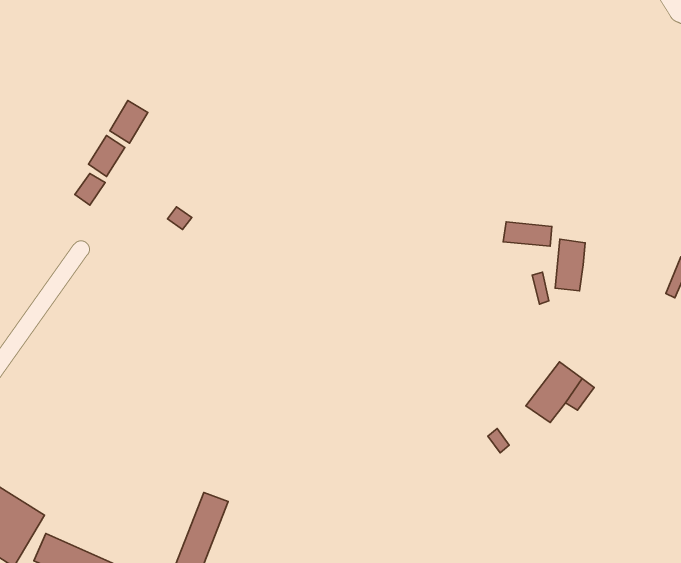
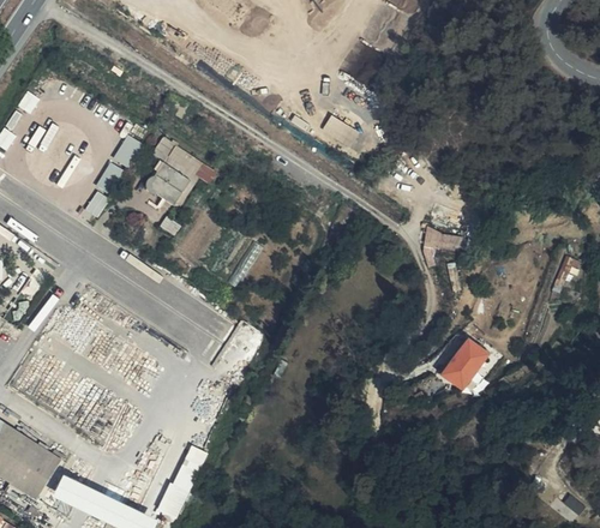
building: none -> [320,114,358,146]
building: none -> [148,140,214,203]
building: [555,239,585,291] -> none

